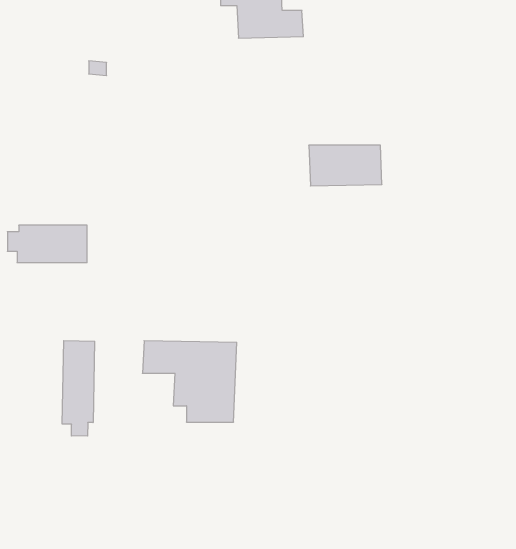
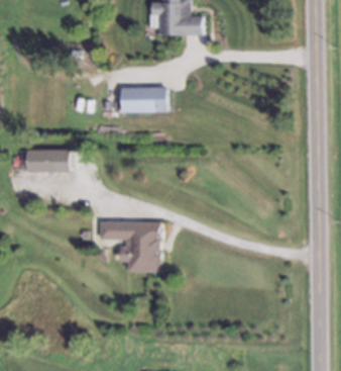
building: [309,145,382,186] -> [122,87,167,112]
building: [62,341,95,436] -> none

